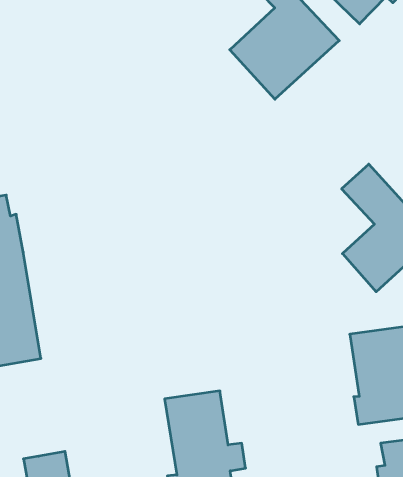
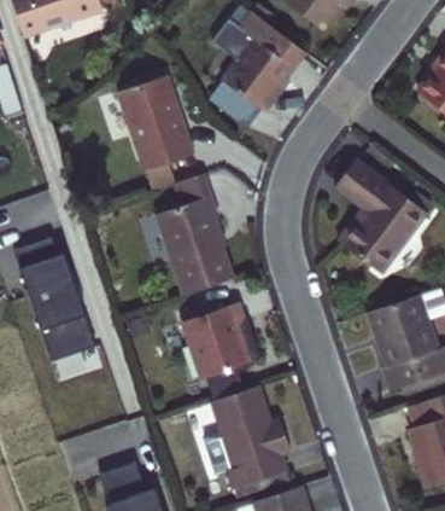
building: none -> [121,76,195,190]
building: none -> [158,175,234,301]
building: none -> [186,301,253,378]

